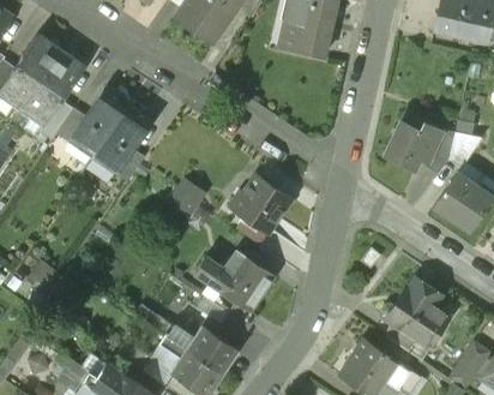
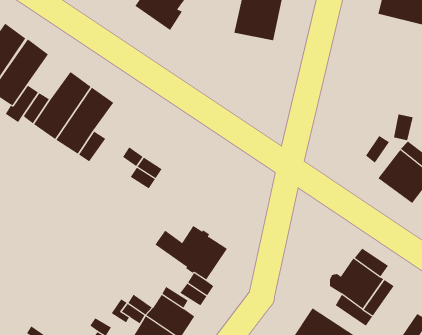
building: [385,116,442,166] -> none
building: [237,174,290,231] -> none

